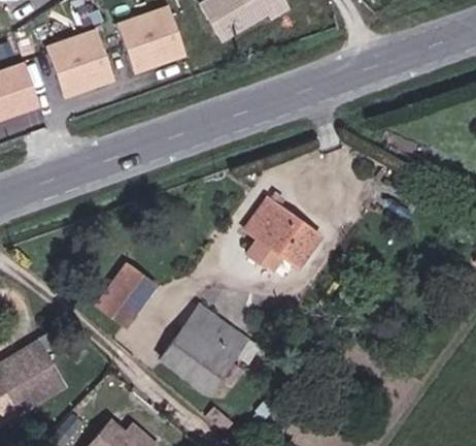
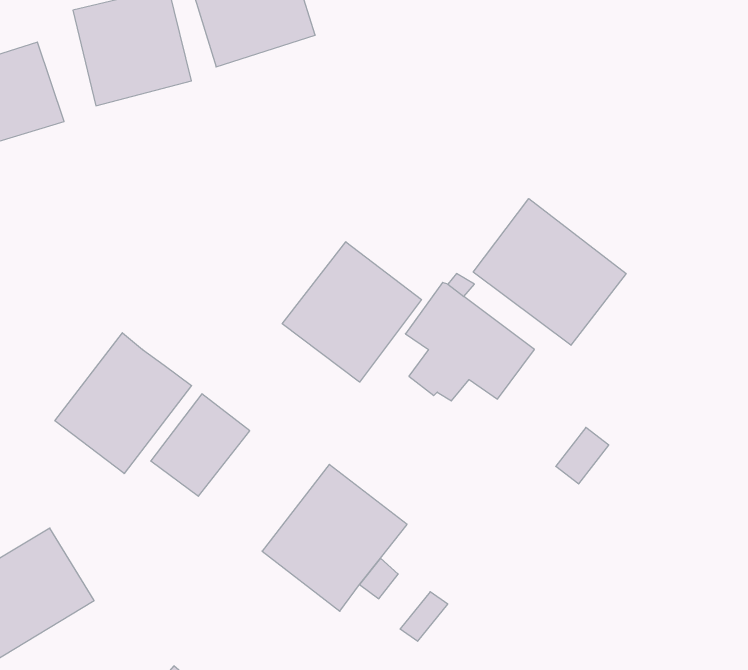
building: none -> [473,199,626,345]
building: none -> [282,242,421,382]
building: none -> [55,333,192,474]

